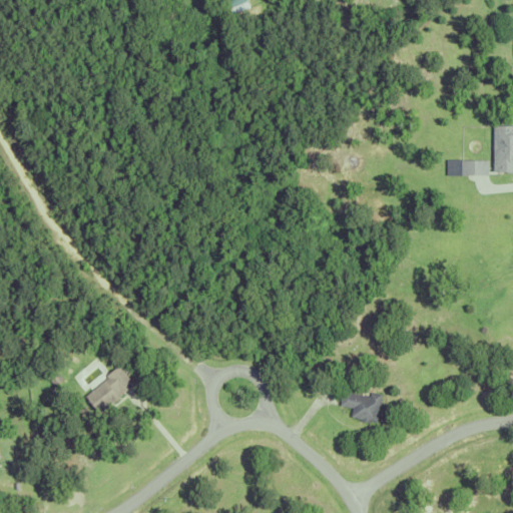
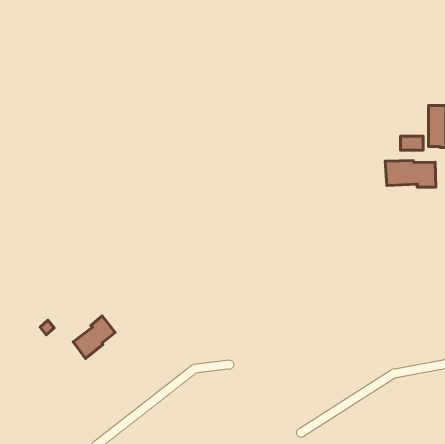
building: none -> [385,160,436,187]
building: [345,394,386,426] -> none

